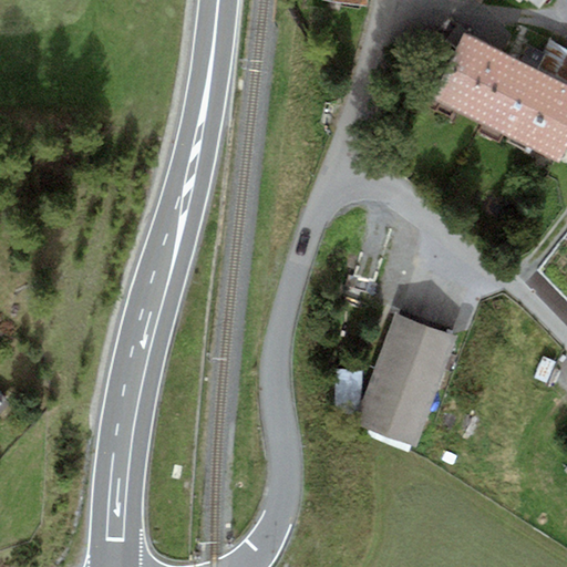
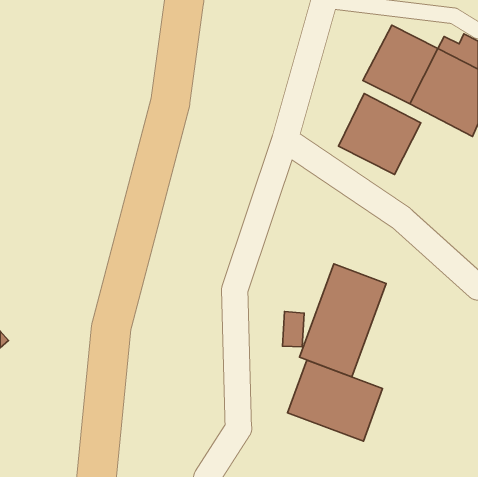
building: none -> [338,94,421,175]
building: none -> [287,360,383,441]

